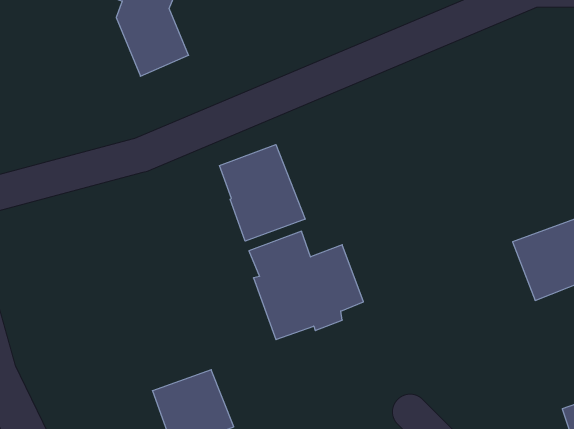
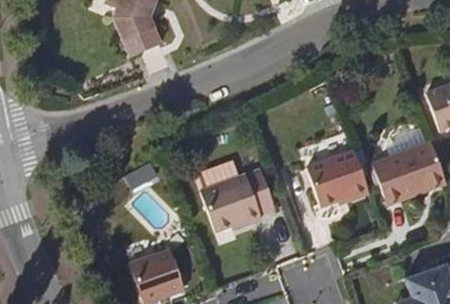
building: [219,145,305,241] -> none
building: none -> [306,148,369,205]

